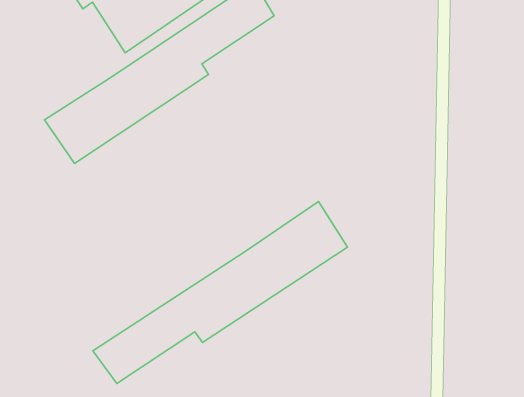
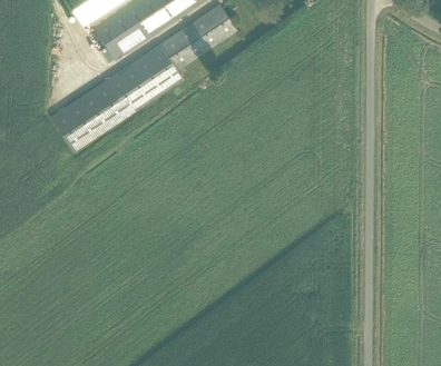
building: [93,202,347,383] -> none

